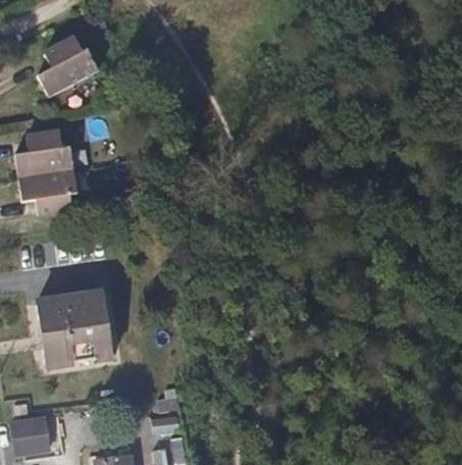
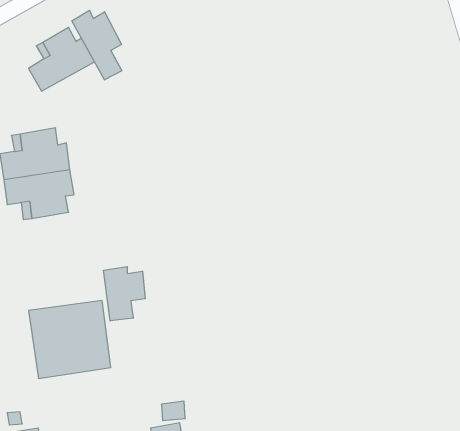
building: none -> [72,10,122,80]
building: none -> [104,267,145,321]

